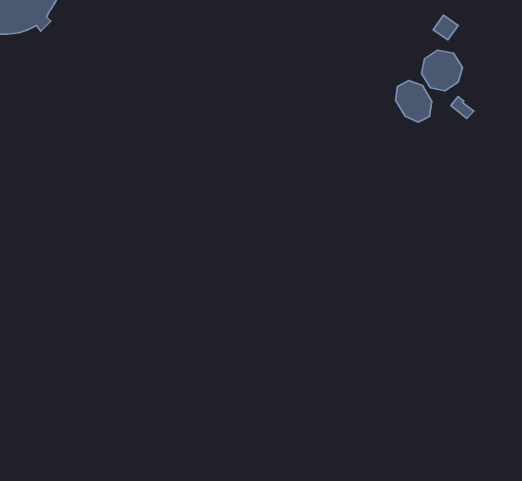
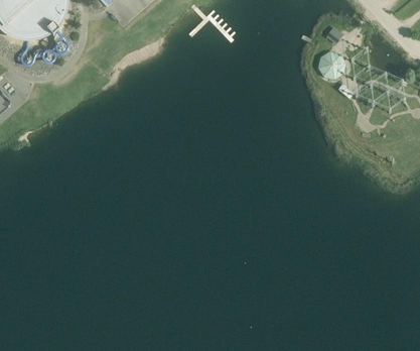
building: [396,81,432,122] -> none

